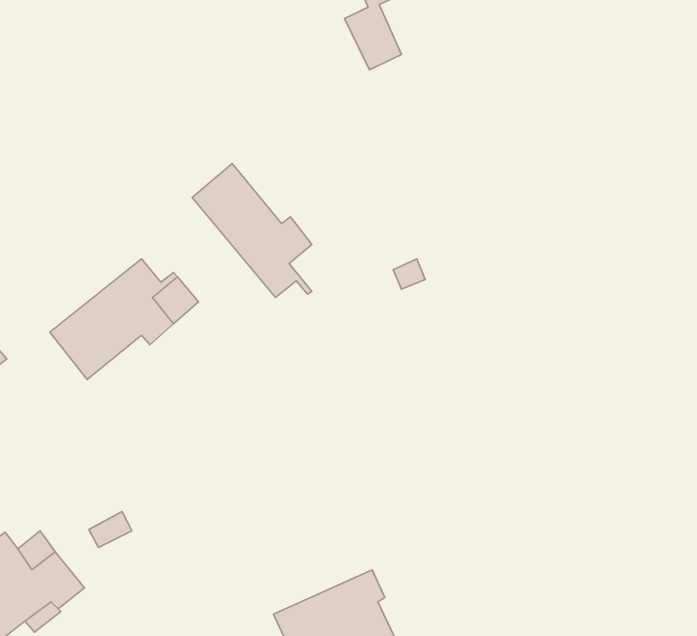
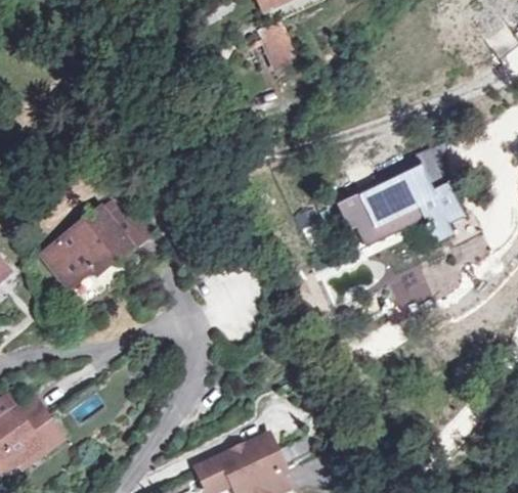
building: [192,164,312,298] -> none
building: none -> [334,166,466,249]

